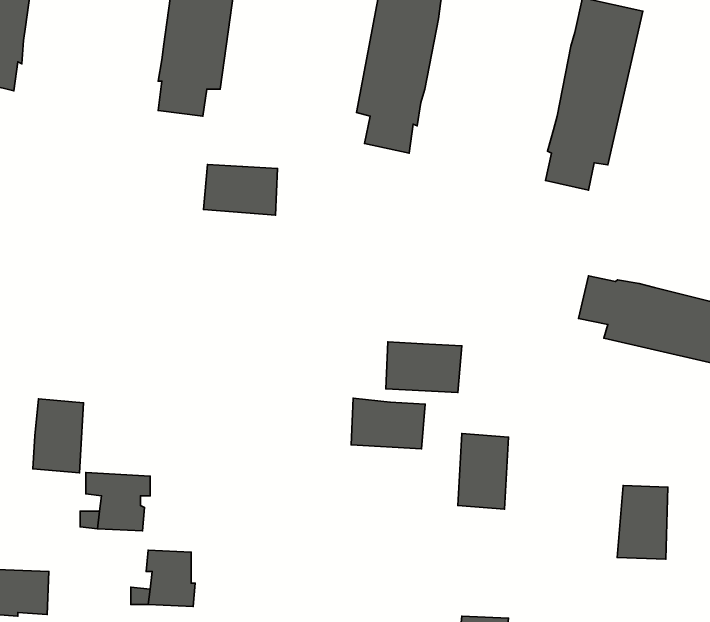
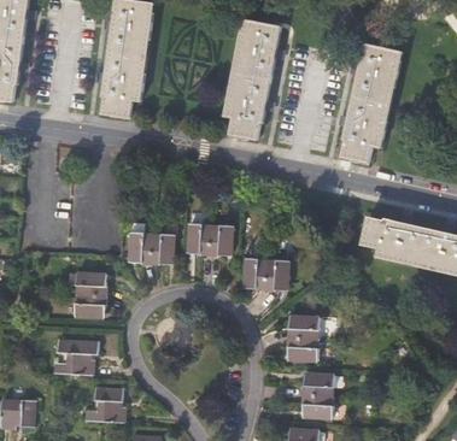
building: [204,165,278,215] -> [128,233,174,264]
building: [351,398,425,449] -> [187,223,233,254]
building: [33,399,83,473] -> [74,272,105,318]
building: [617,485,668,559] -> [301,372,333,418]

